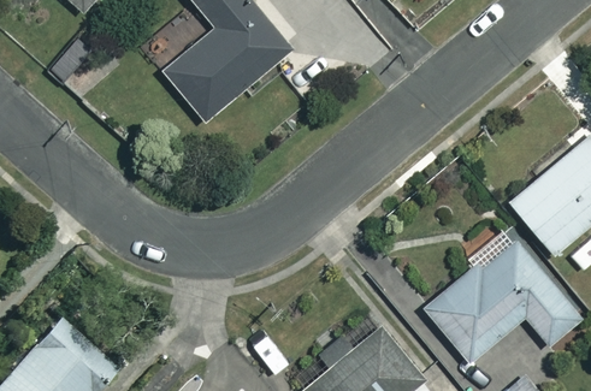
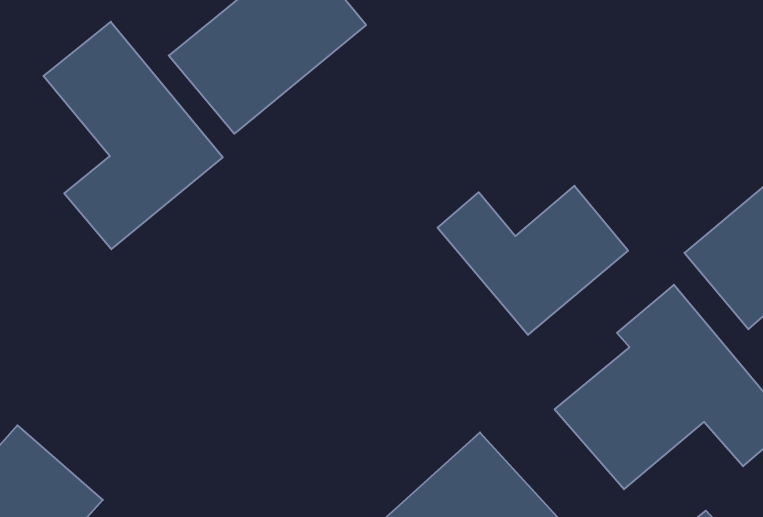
building: none -> [43,22,223,249]
building: none -> [438,186,628,335]

